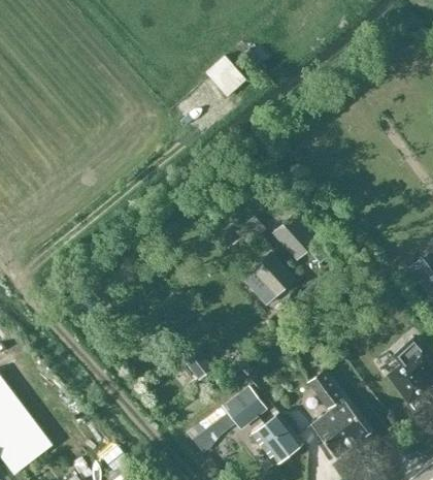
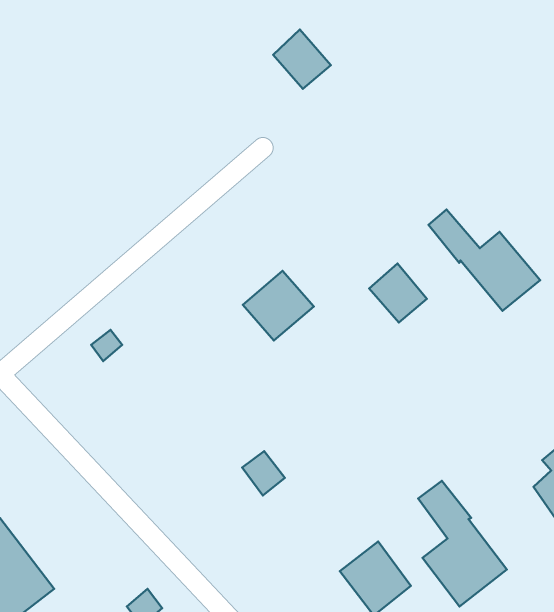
building: none -> [428,209,540,311]
building: [243,255,293,303] -> [243,271,314,340]
building: [185,386,268,453] -> none

